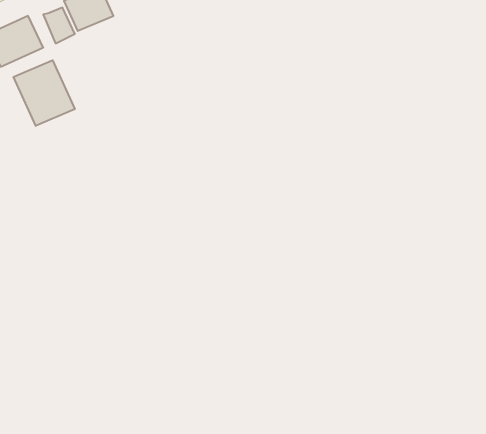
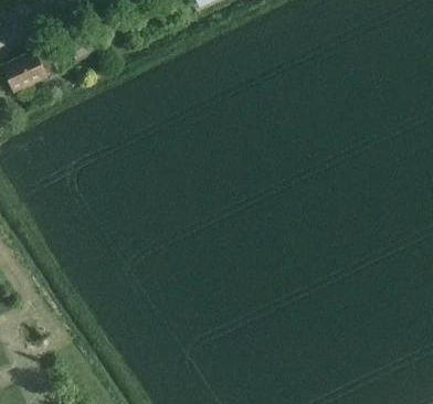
building: [14,60,75,126] -> none

